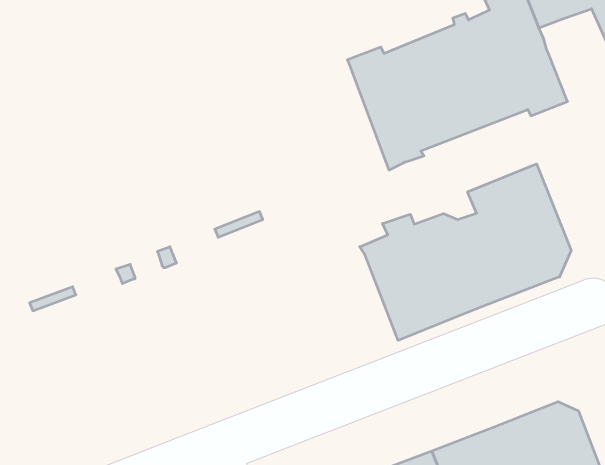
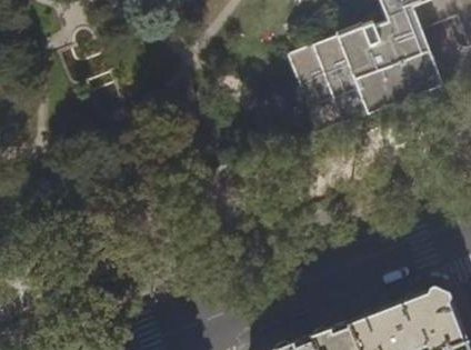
building: [360,164,571,340] -> none

